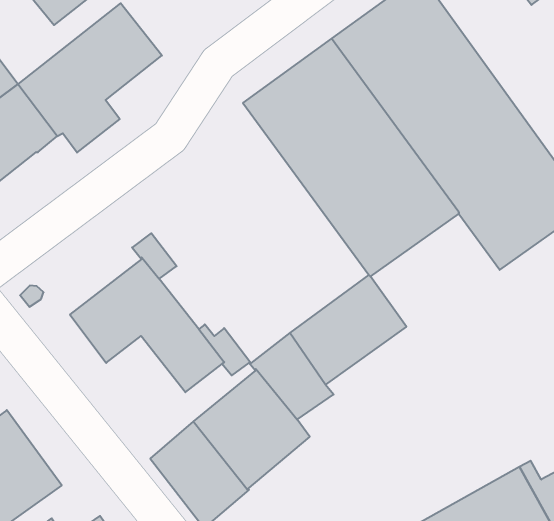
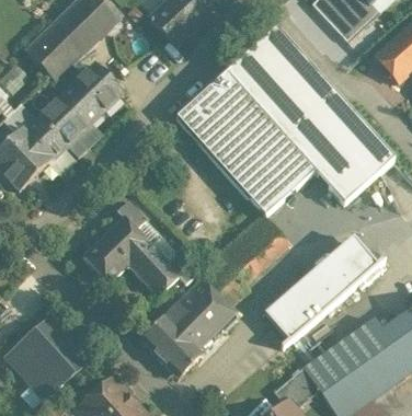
building: none -> [268,241,375,339]

